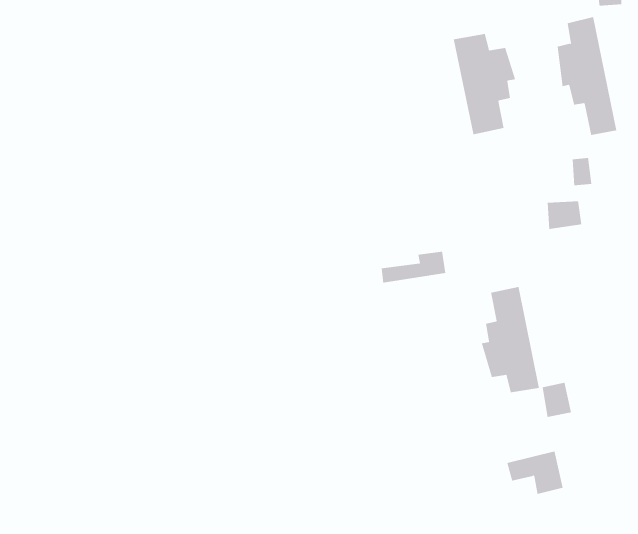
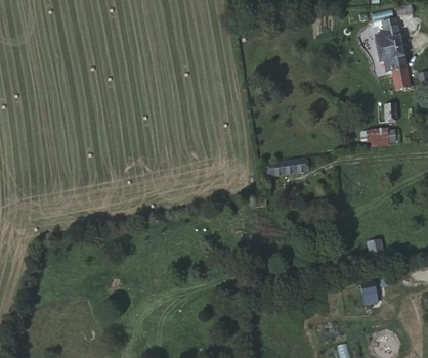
building: [453,33,516,135] -> none
building: [481,286,539,393] -> none

